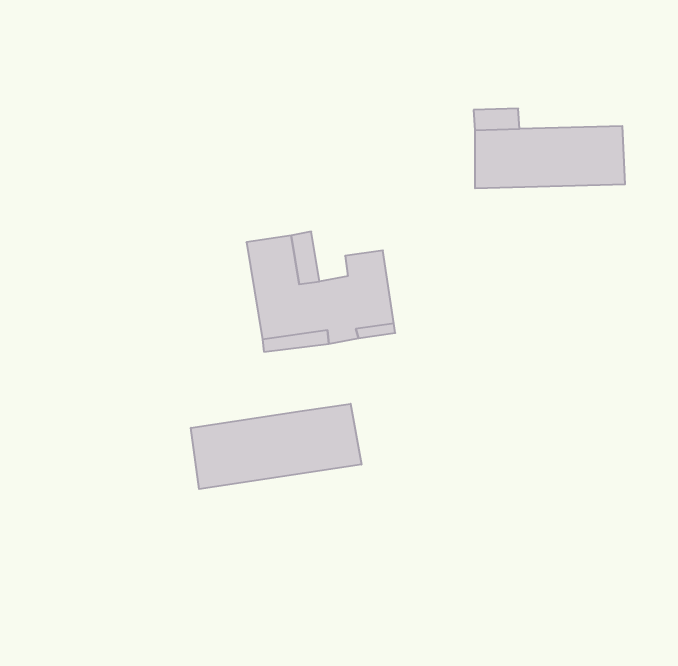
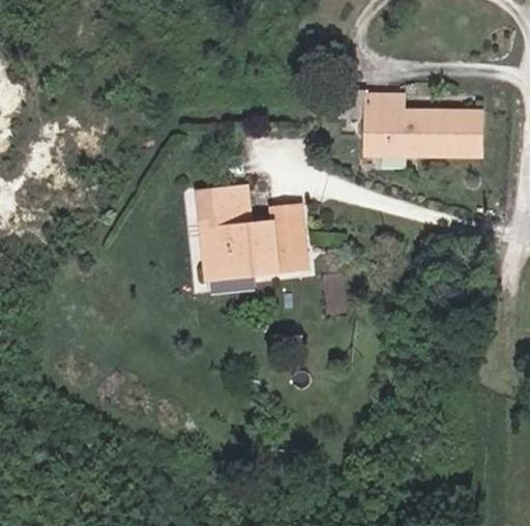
building: [191,404,361,489] -> none

